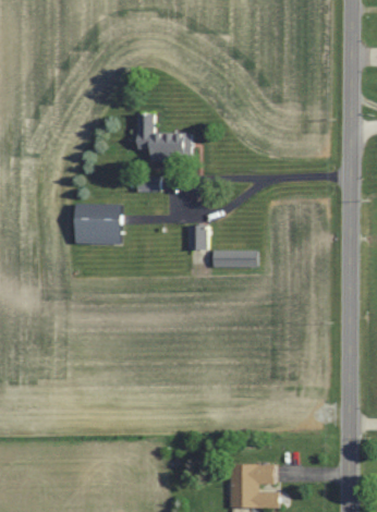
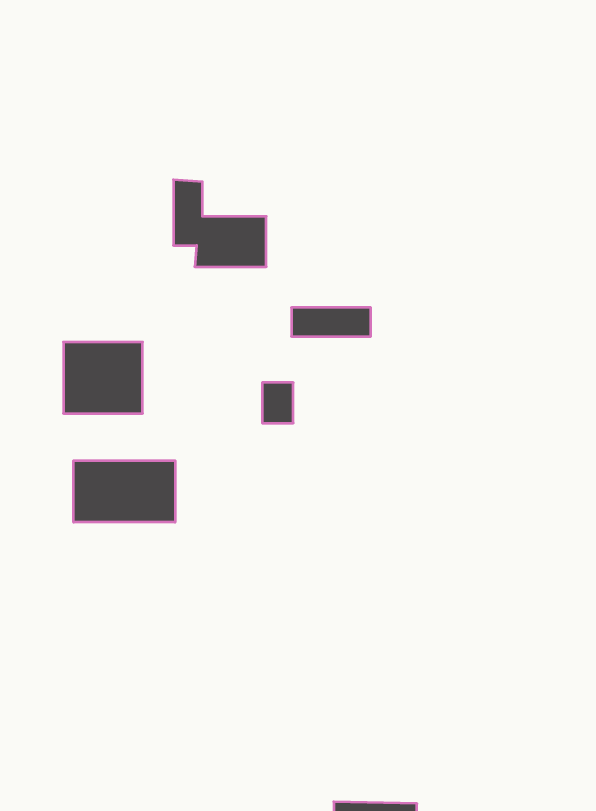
building: [211,251,256,267] -> [291,308,371,336]
building: none -> [74,461,175,522]

